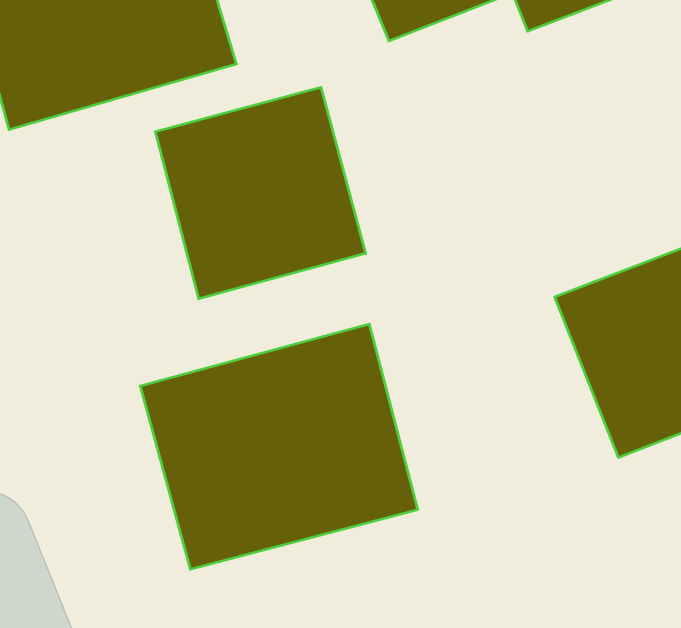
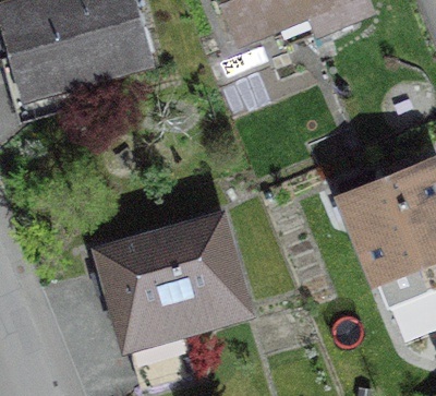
building: [155,87,366,299] -> none

